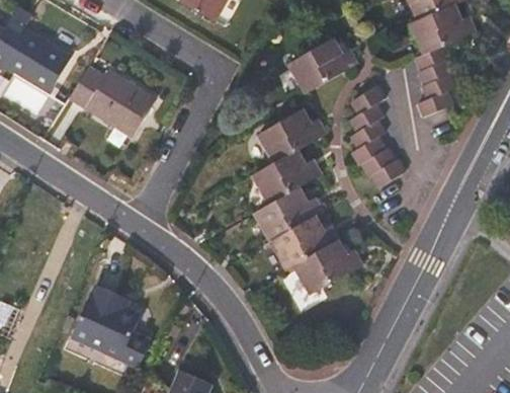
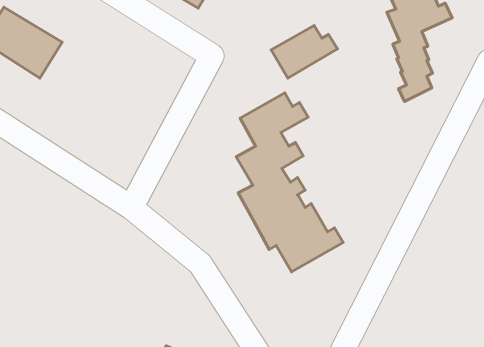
building: [68,67,154,135] -> none
building: [347,86,405,187] -> none
building: [74,286,153,363] -> none

